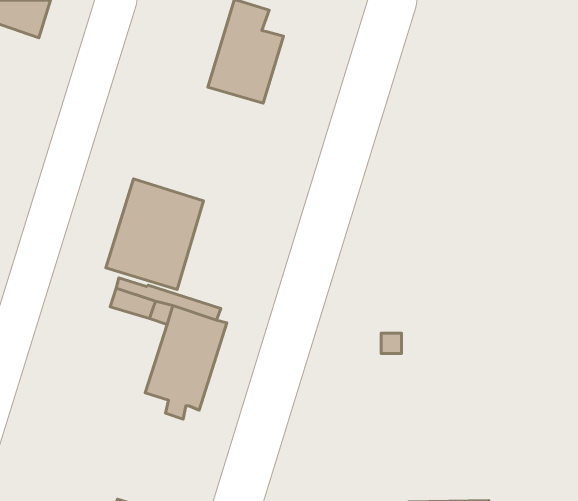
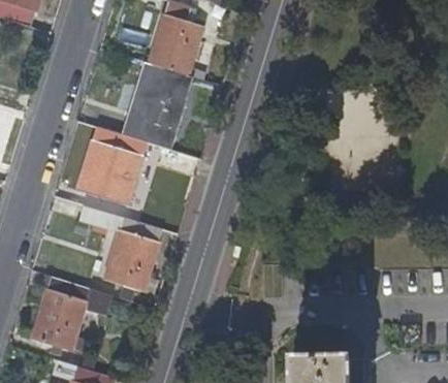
building: none -> [130,62,188,136]
building: none -> [31,276,110,351]

